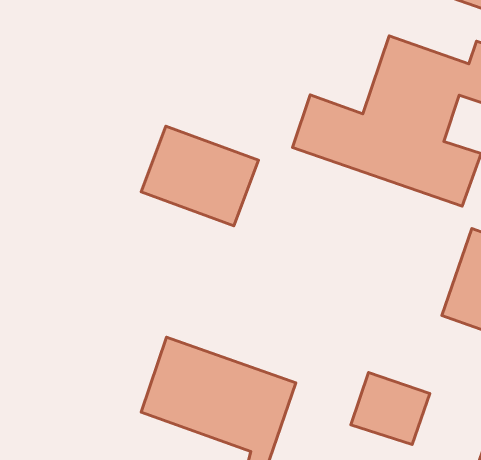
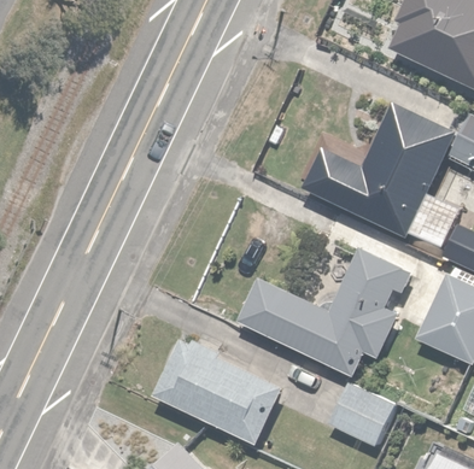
building: [141,126,259,226] -> none
building: none -> [238,248,415,377]

